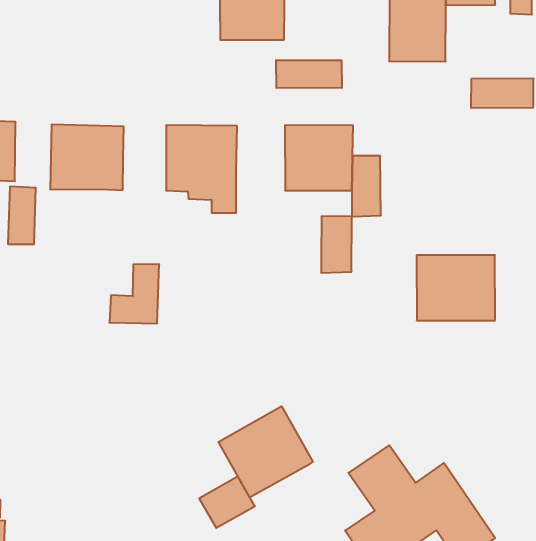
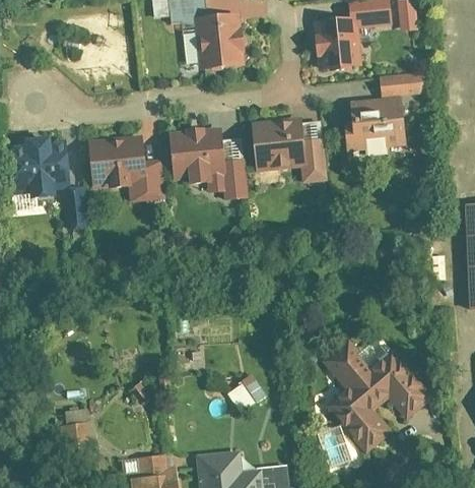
building: [276,60,342,88] -> none
building: [321,216,352,273] -> [222,159,248,200]
building: [417,255,495,320] -> [346,99,406,150]
building: [109,264,159,323] -> [129,158,163,202]
building: [218,406,313,497] -> none

